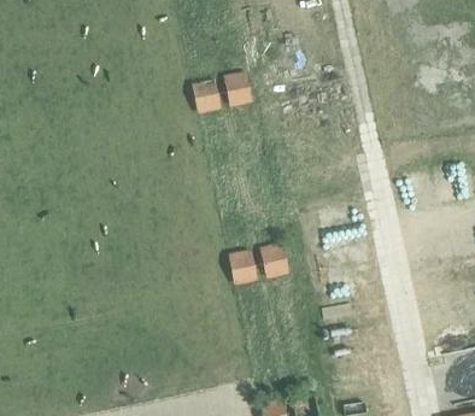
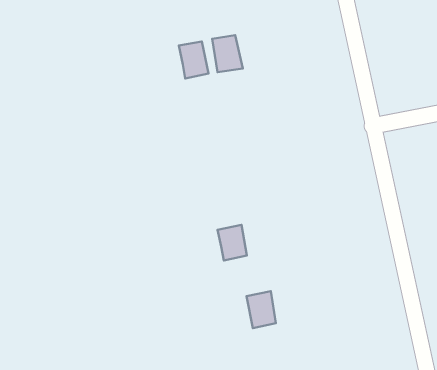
building: [260,244,288,279] -> [246,291,276,328]

